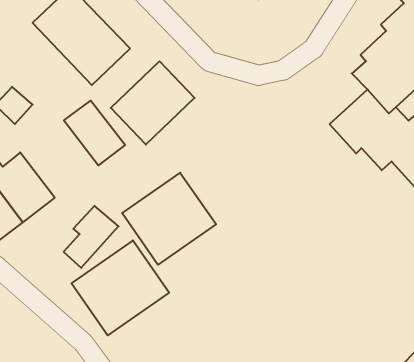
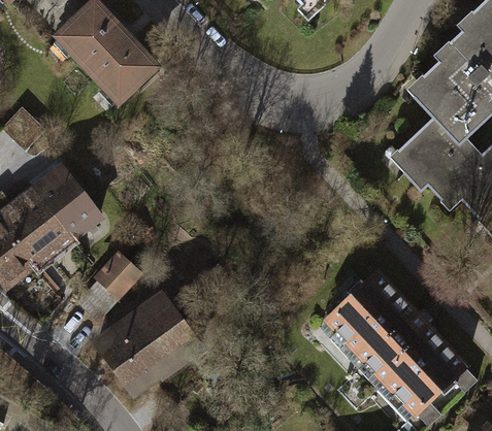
building: [111,61,195,145] -> none
building: [64,101,125,165] -> [31,164,102,239]
building: [122,173,216,265] -> none
building: none -> [315,268,467,422]

